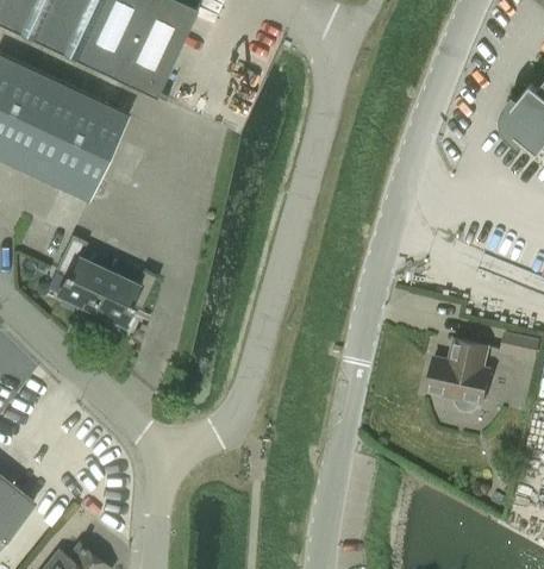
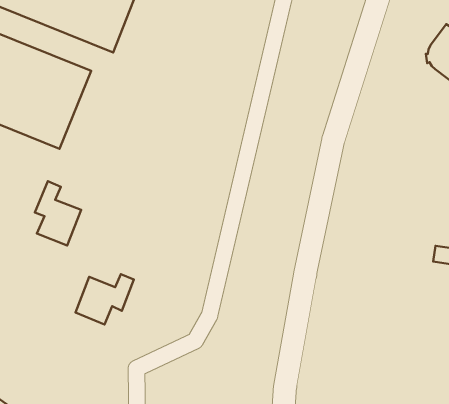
building: [89,270,157,326] -> [75,274,134,325]
building: [426,340,489,412] -> none

